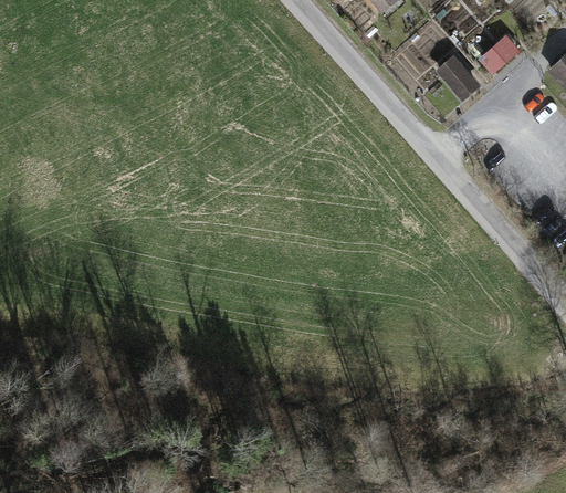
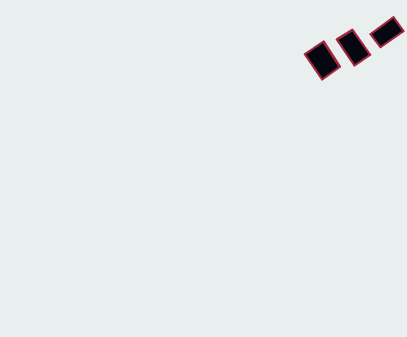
building: none -> [305,42,340,80]

